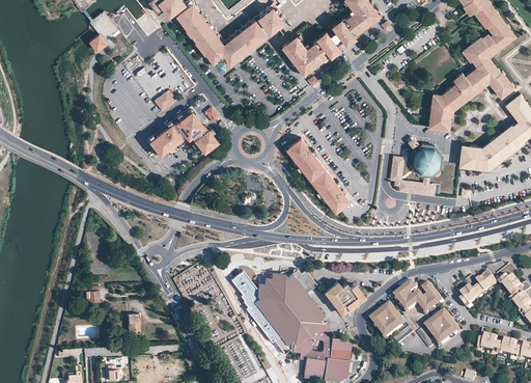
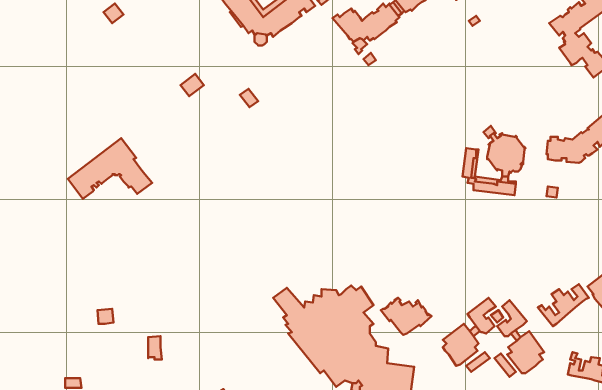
building: [429,73,481,129] -> none
building: [146,107,217,158] -> [68,138,152,199]
building: [284,138,350,211] -> none

